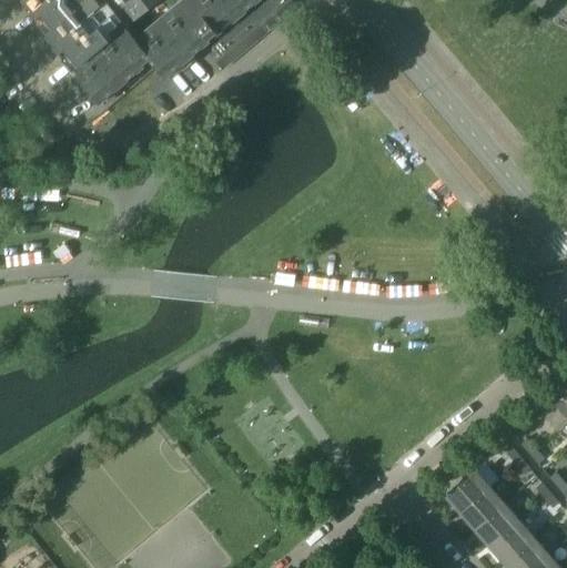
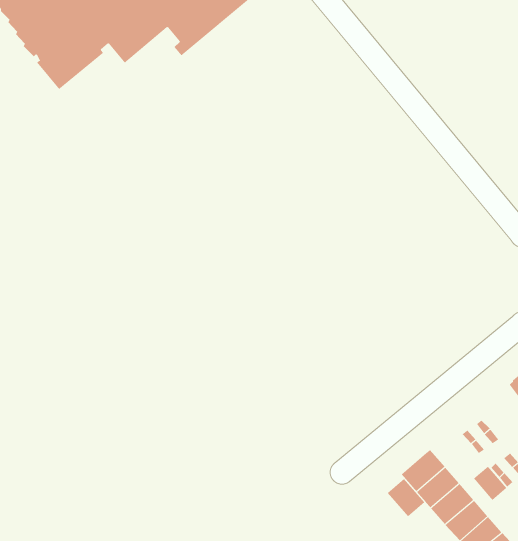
building: none -> [473,466,507,501]
building: none -> [387,478,425,517]

